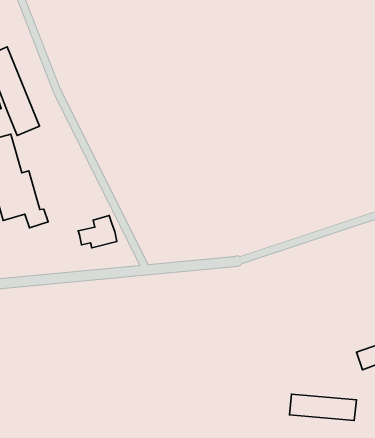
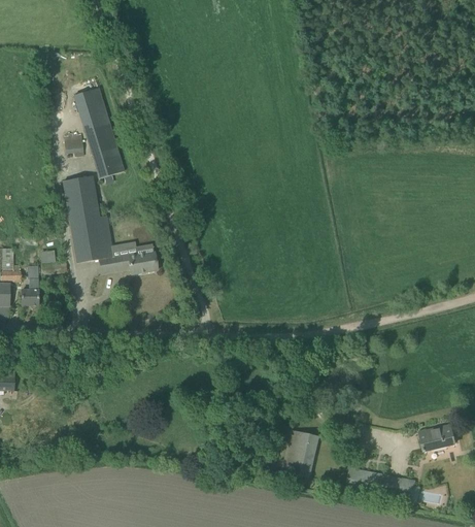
building: [78,216,117,248] -> [118,241,157,272]
building: none -> [283,429,317,475]

